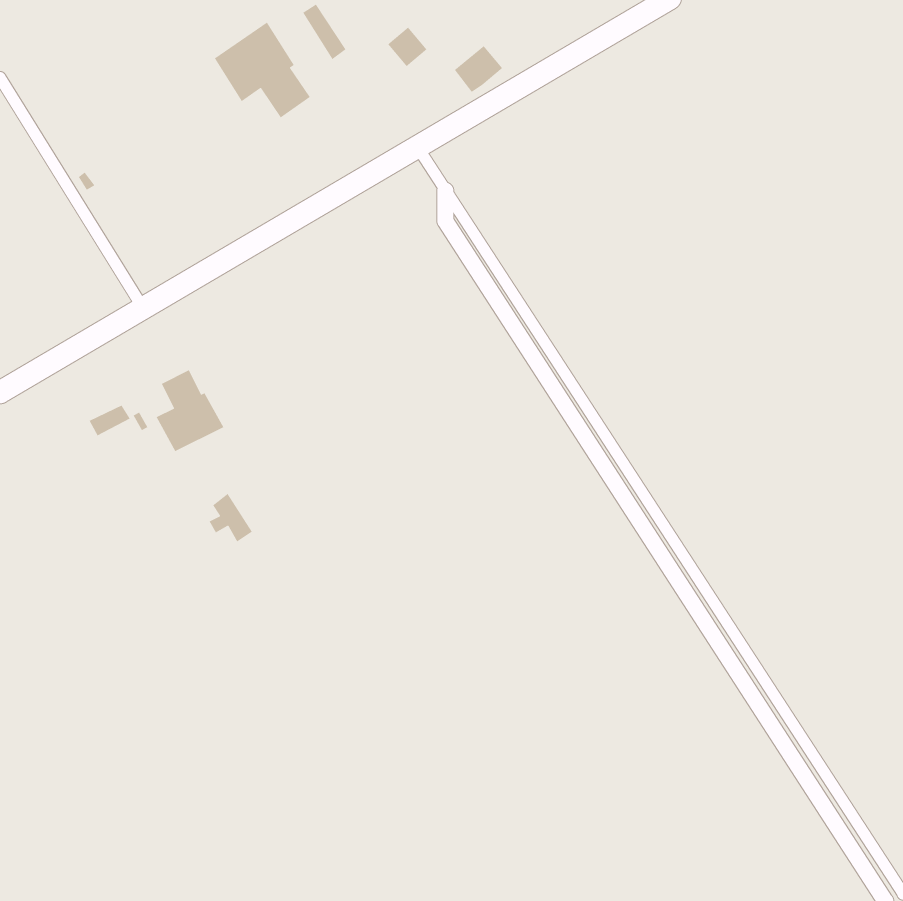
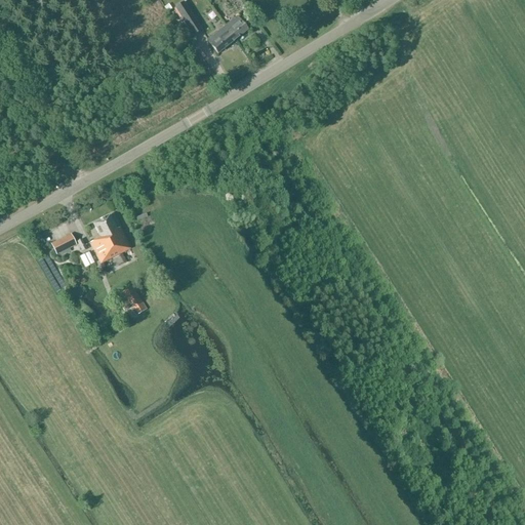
building: [214,21,311,118] -> none
building: [454,45,503,93] -> [207,26,236,53]

